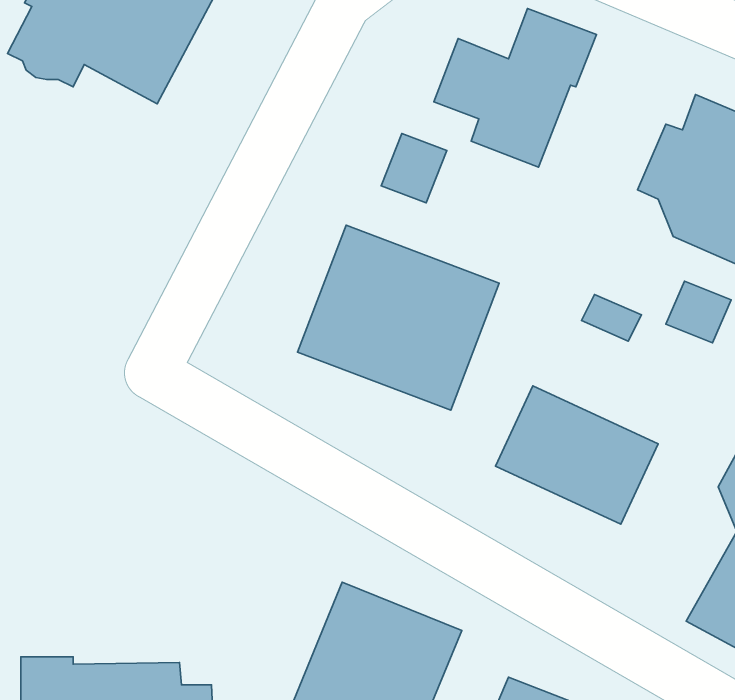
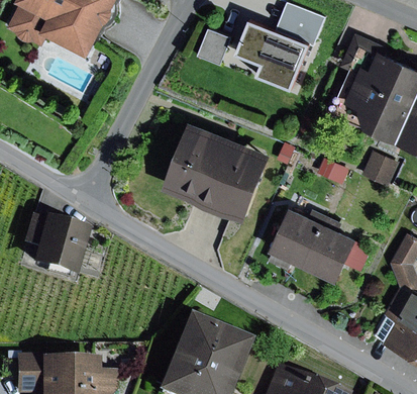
building: [381,134,447,203] -> [195,30,230,68]
building: none -> [20,217,88,281]

